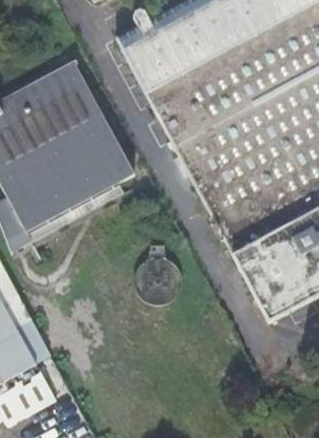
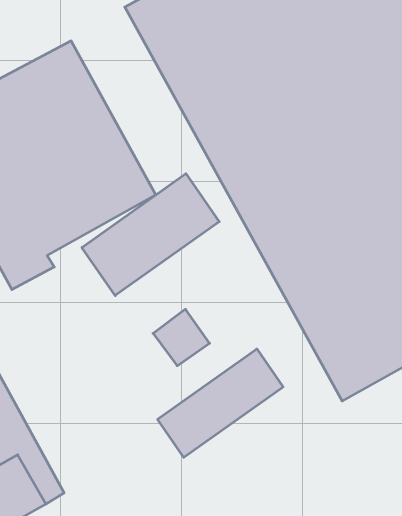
building: none -> [82,174,219,296]
building: none -> [158,349,283,457]

